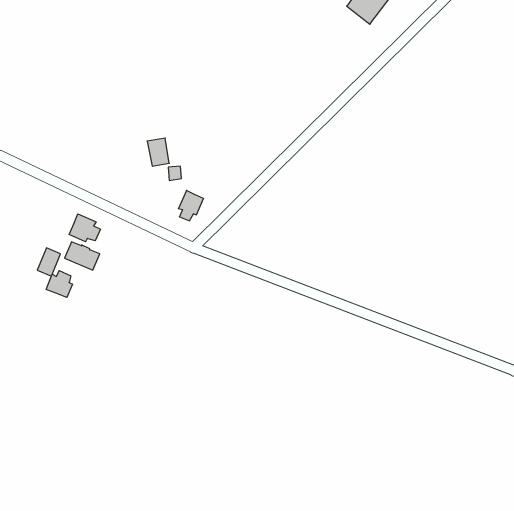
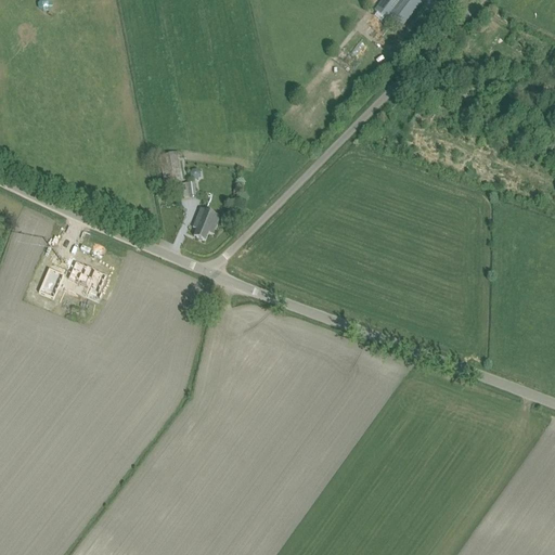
building: [69,214,101,242] -> none
building: [46,271,72,297] -> none

